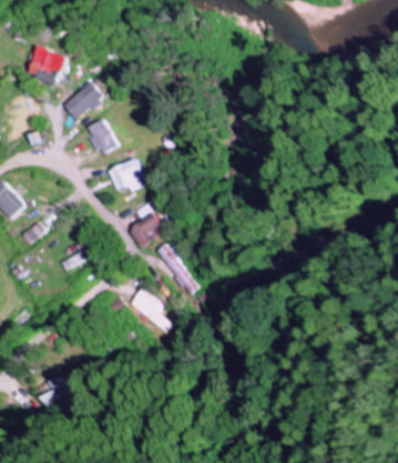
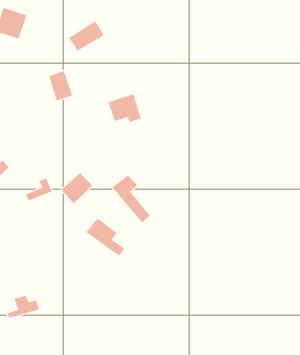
building: [63,83,104,119] -> [68,21,104,52]
building: [108,159,146,192] -> [108,93,142,122]
building: [132,212,169,249] -> [61,172,93,204]

